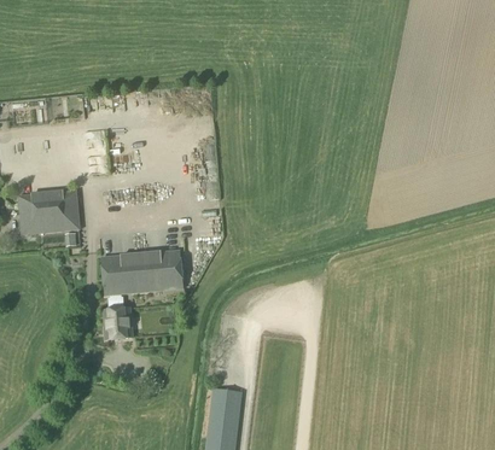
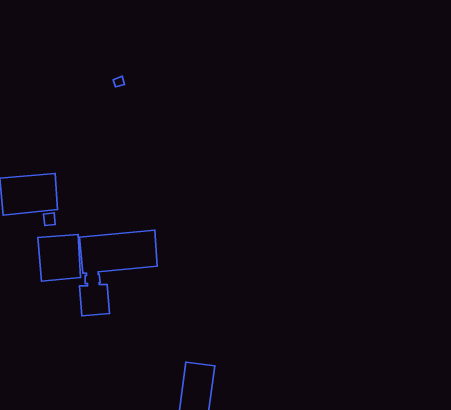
building: none -> [38,234,80,281]

